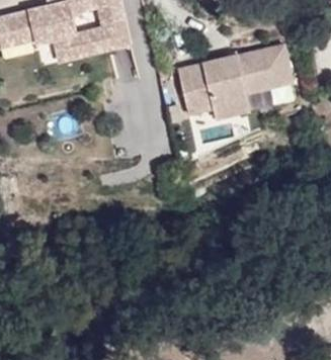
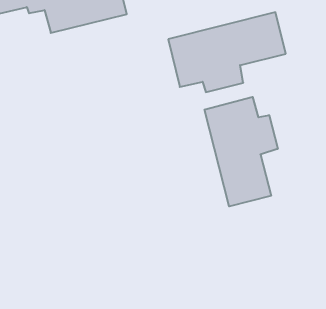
building: none -> [205,97,278,206]

